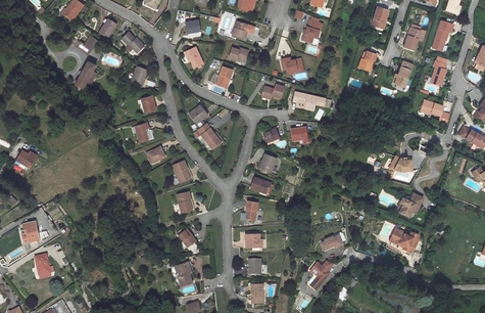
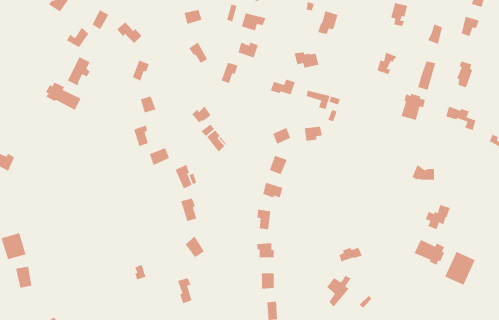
building: none -> [45,82,81,111]
building: none -> [401,93,426,121]
building: none -> [444,251,476,286]

